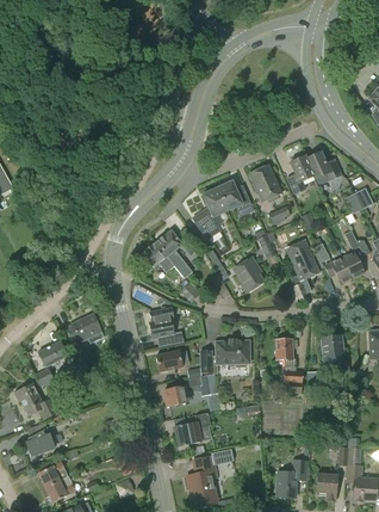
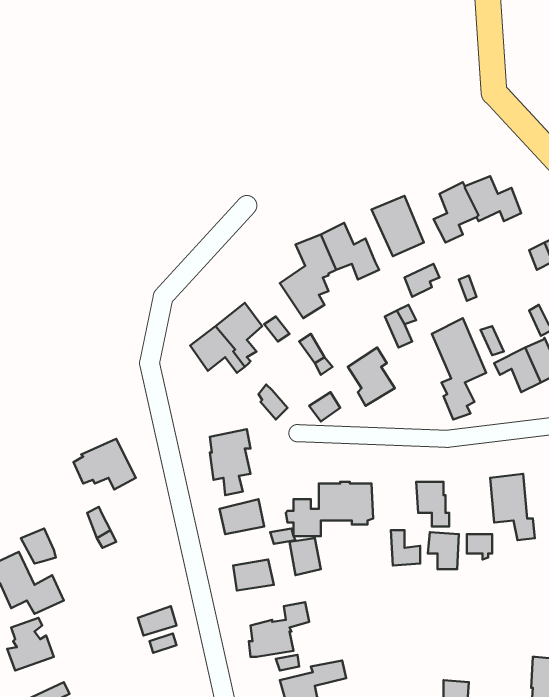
building: [37,339,69,368] -> none

